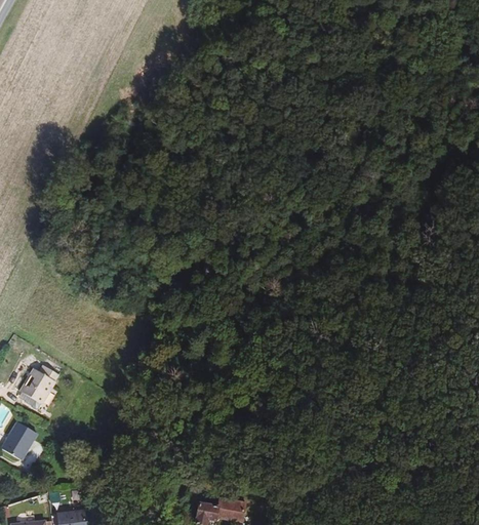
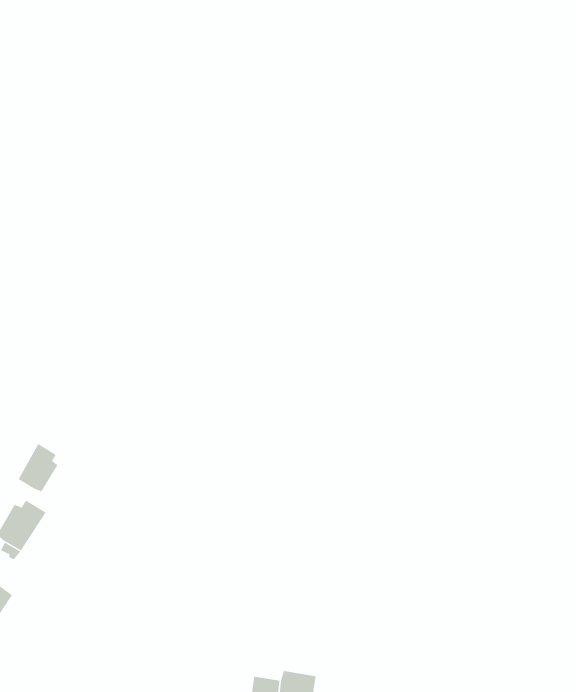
building: none -> [18,443,58,492]

